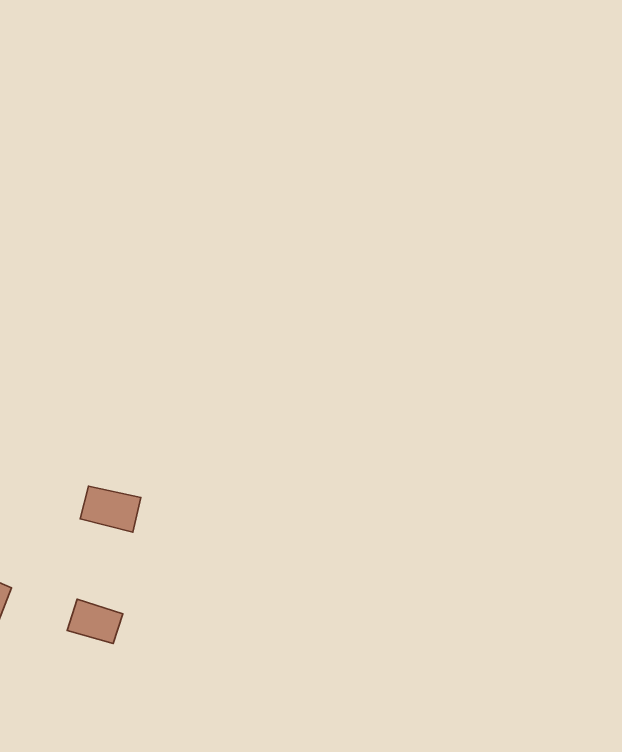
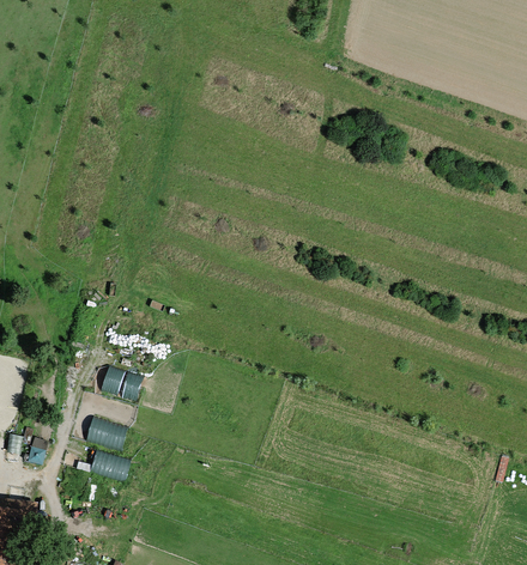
building: none -> [84,415,126,449]

